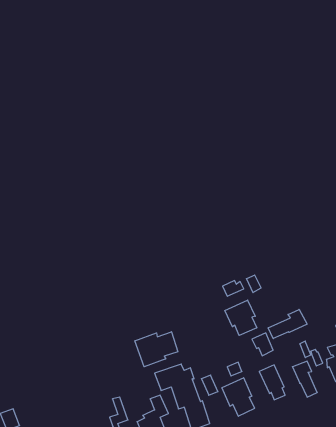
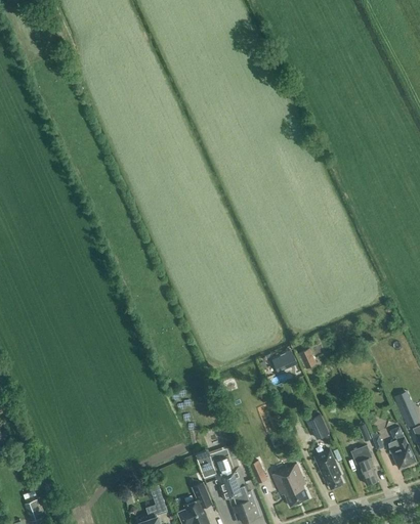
building: [225,300,257,335] -> none
building: [268,309,307,339] -> none
building: [135,332,178,367] -> none

